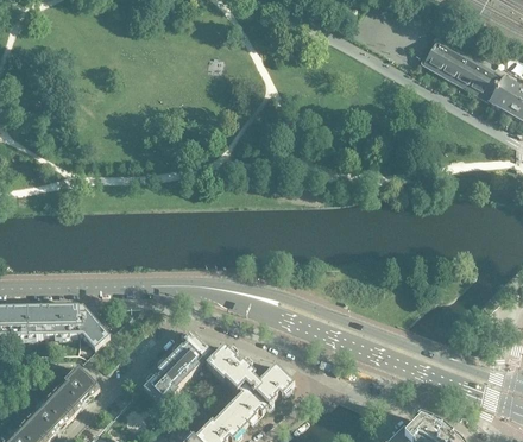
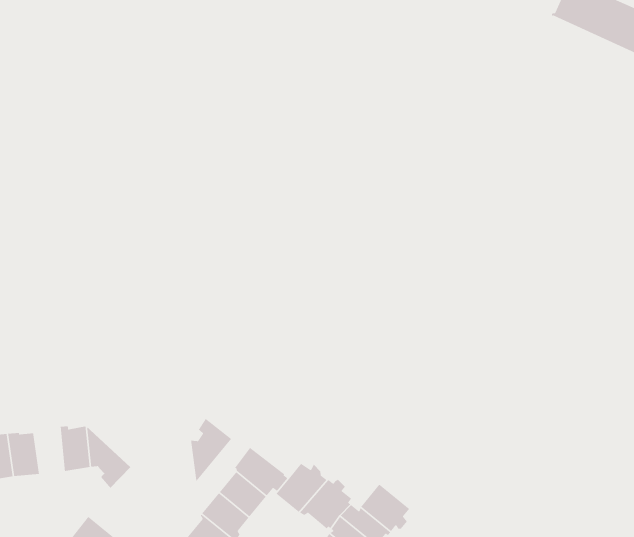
building: [45,305,63,336] -> none
building: none -> [190,418,232,483]

